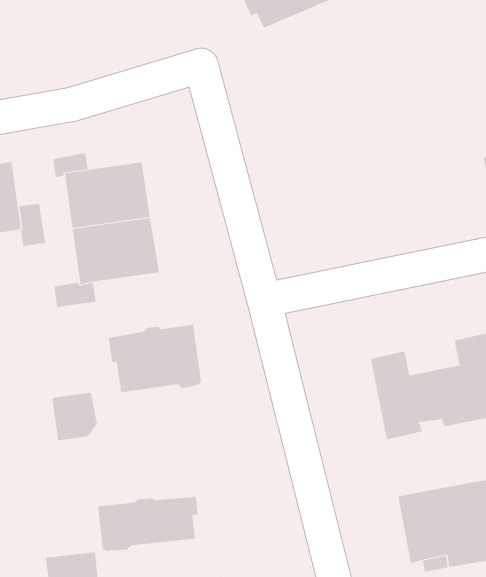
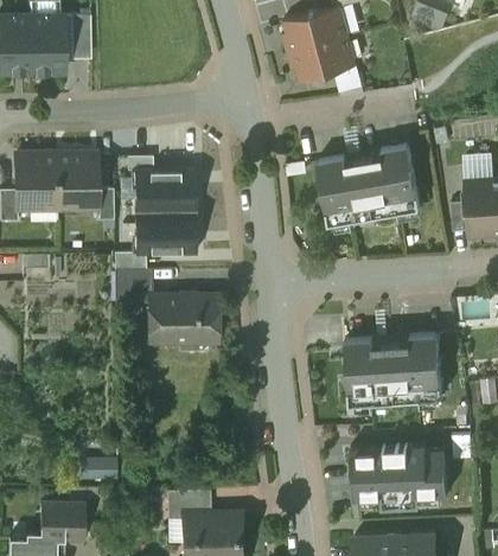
building: none -> [318,143,420,222]
building: [52,392,98,441] -> [114,267,146,300]
building: [98,496,198,551] -> none

